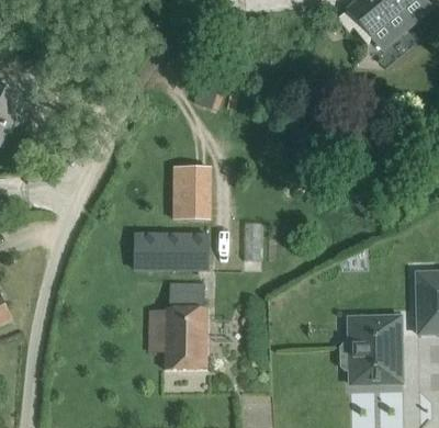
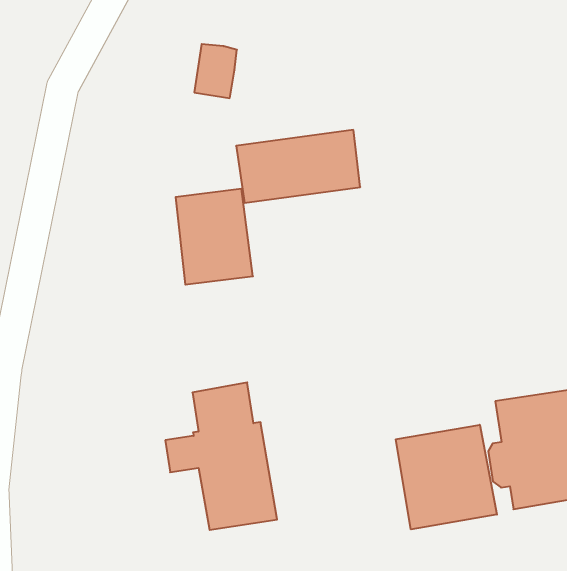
building: [135,234,207,270] -> [236,130,360,203]
building: none -> [396,425,497,529]

